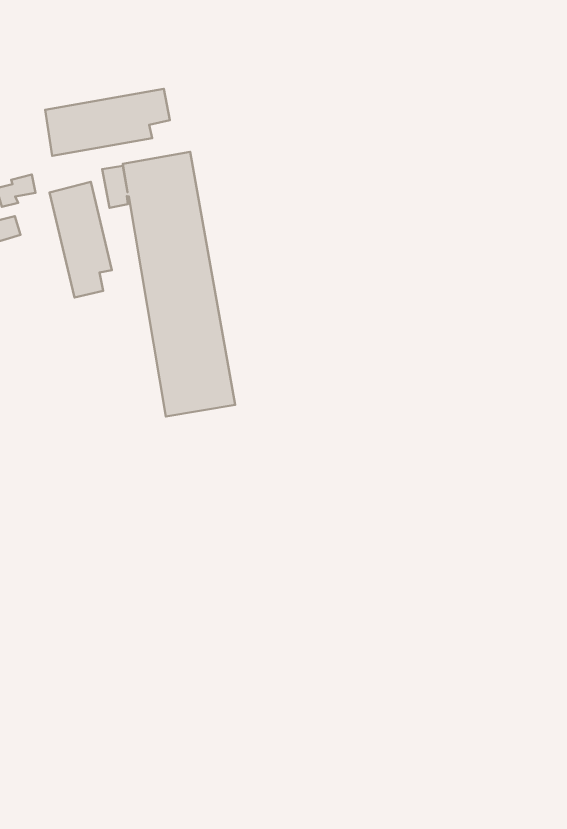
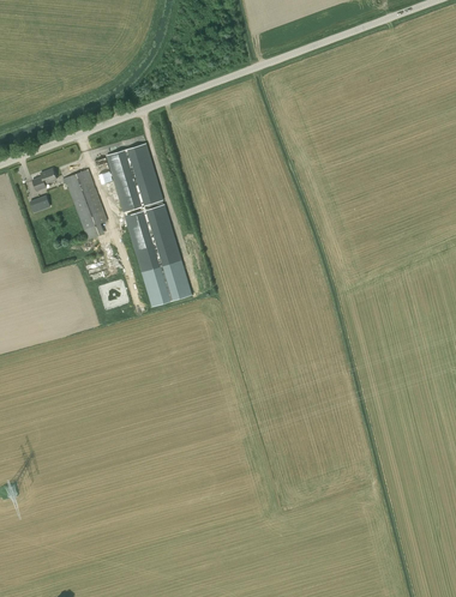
building: [45,89,170,156] -> none

